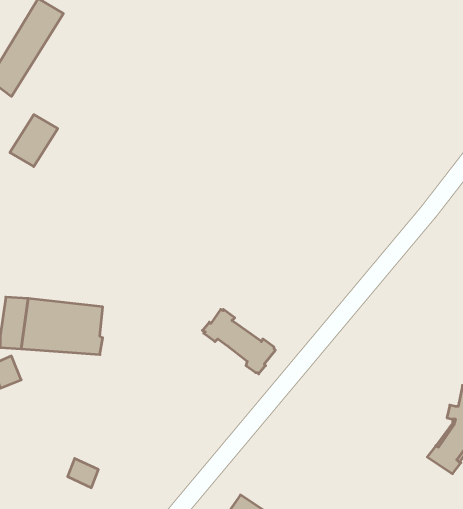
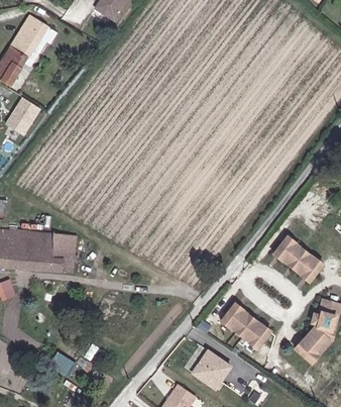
building: none -> [267,227,320,275]
building: [202,309,275,374] -> [215,297,267,343]
building: none -> [188,344,226,383]

